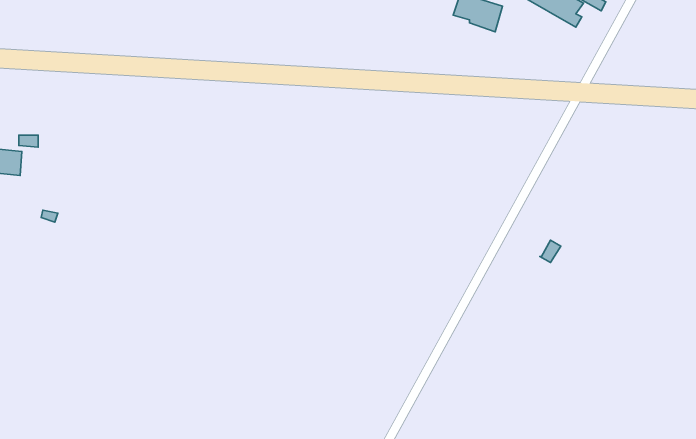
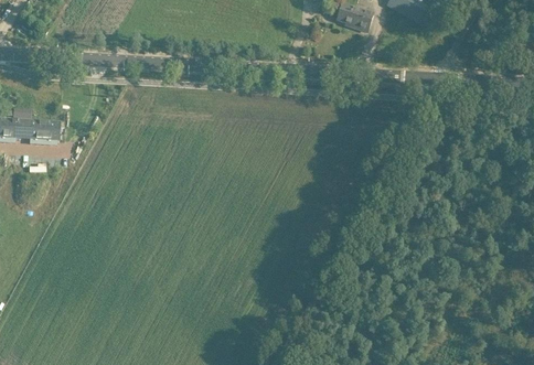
building: none -> [29,118,60,138]

